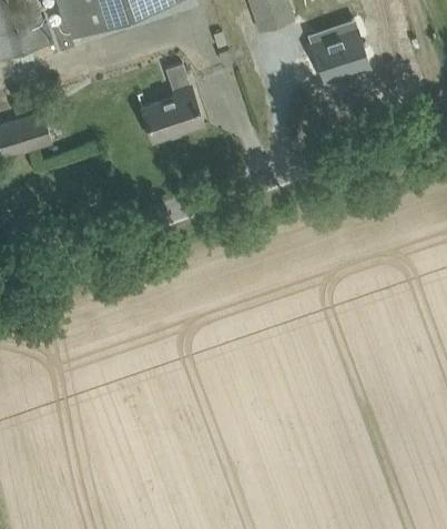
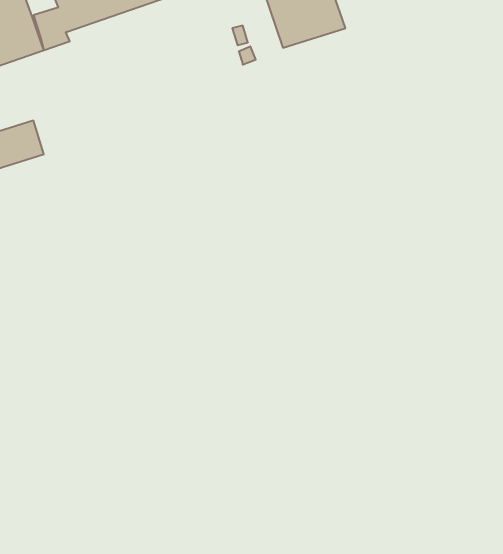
building: [311,26,368,78] -> none
building: [141,59,201,135] -> none

